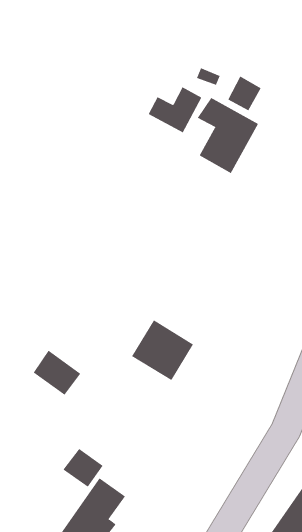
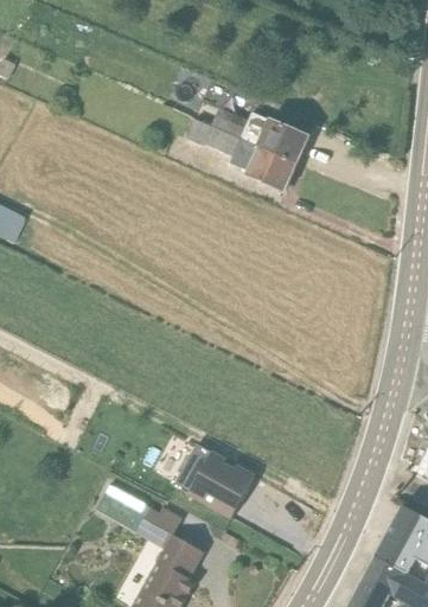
building: [227,75,261,111] -> none
building: [131,320,194,381] -> [186,449,253,513]
building: [33,350,81,395] -> [95,483,147,530]

